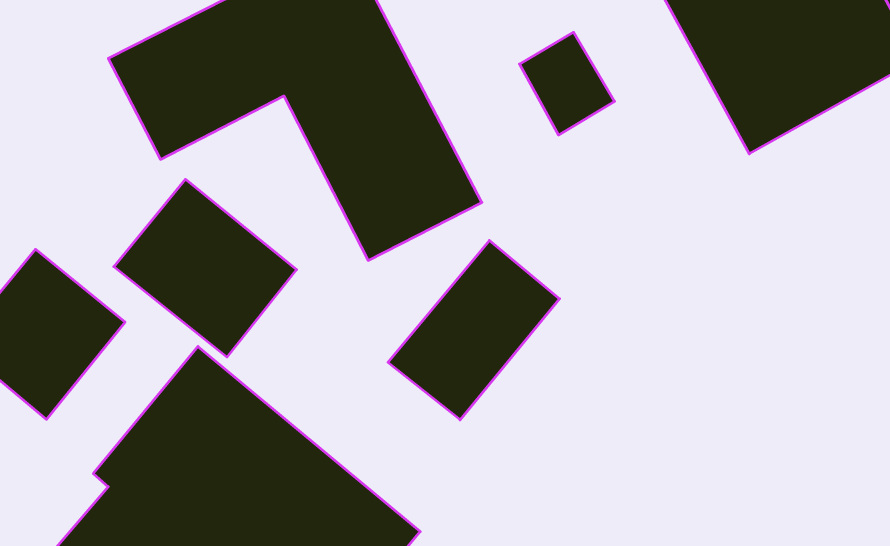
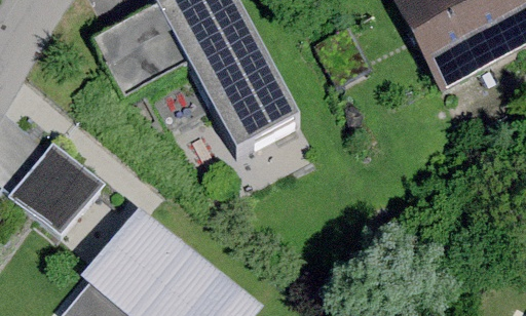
building: [114,179,297,357] -> none
building: [388,240,560,420] -> none

